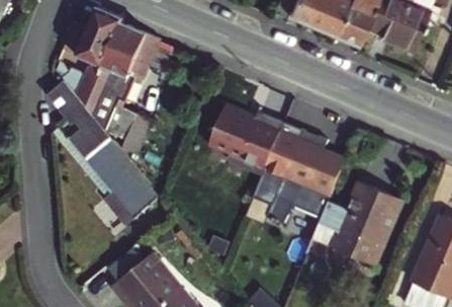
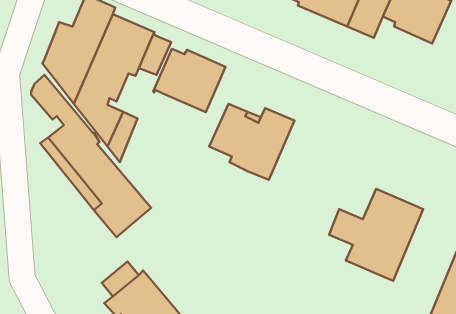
building: none -> [153,49,225,112]
building: [263,120,344,221] -> none

